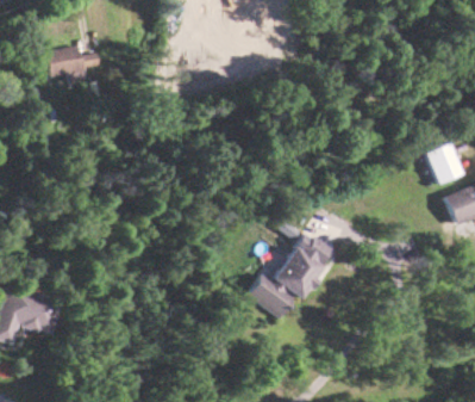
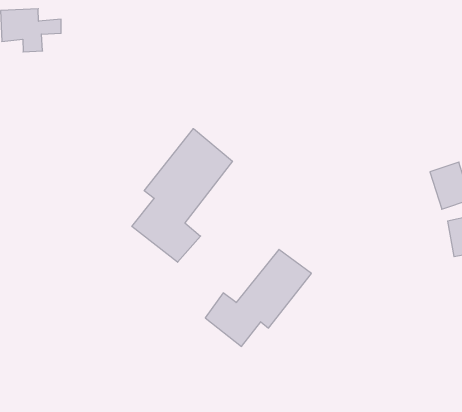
building: none -> [132,129,232,262]

